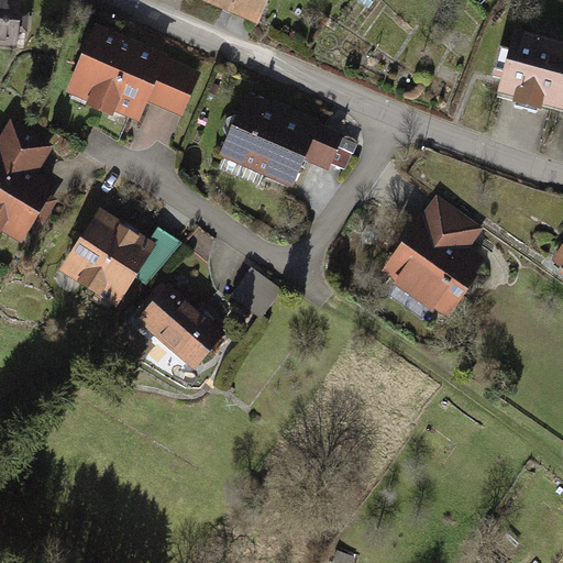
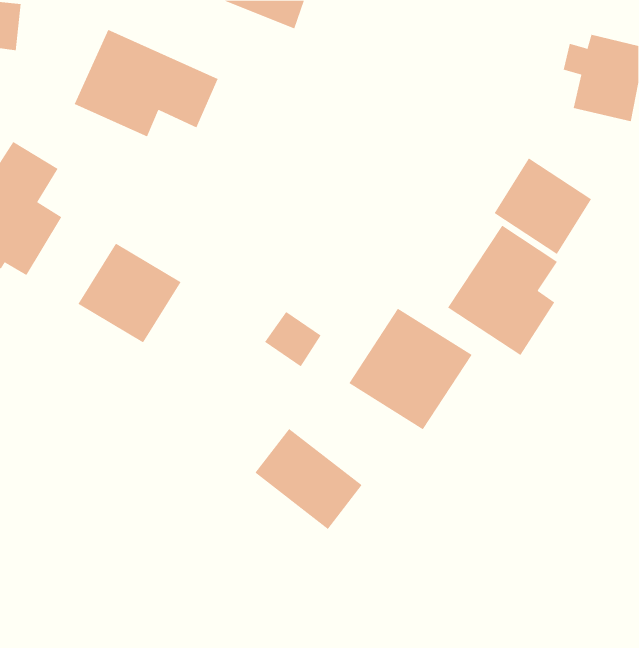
building: [220,97,344,186] -> none
building: none -> [494,157,592,255]
building: none -> [348,308,472,430]
building: [136,284,230,372] -> [254,428,362,530]

